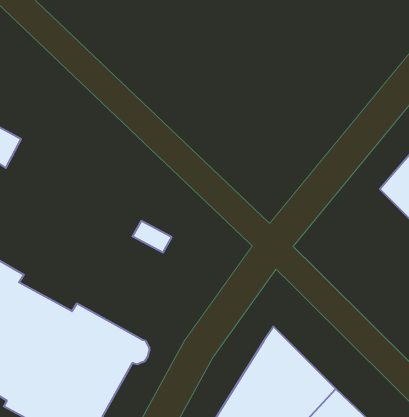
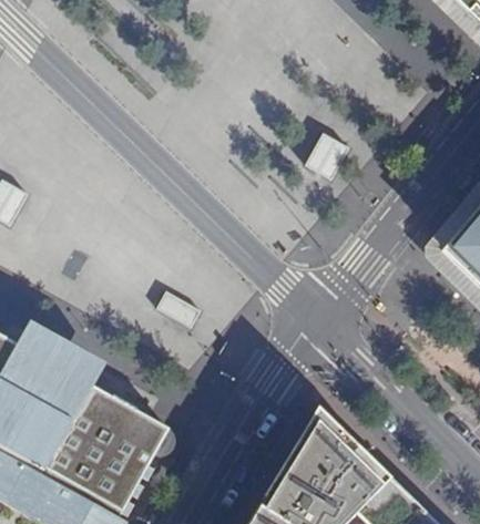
building: none -> [302,129,346,176]
building: none -> [19,323,105,392]

